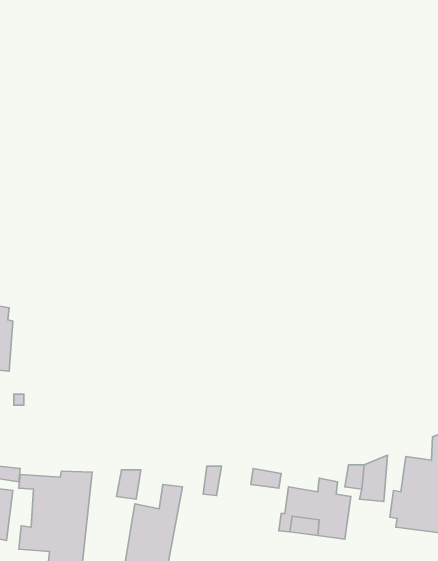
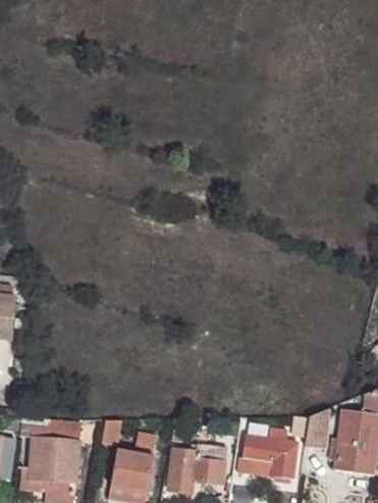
building: none -> [168,444,226,492]

